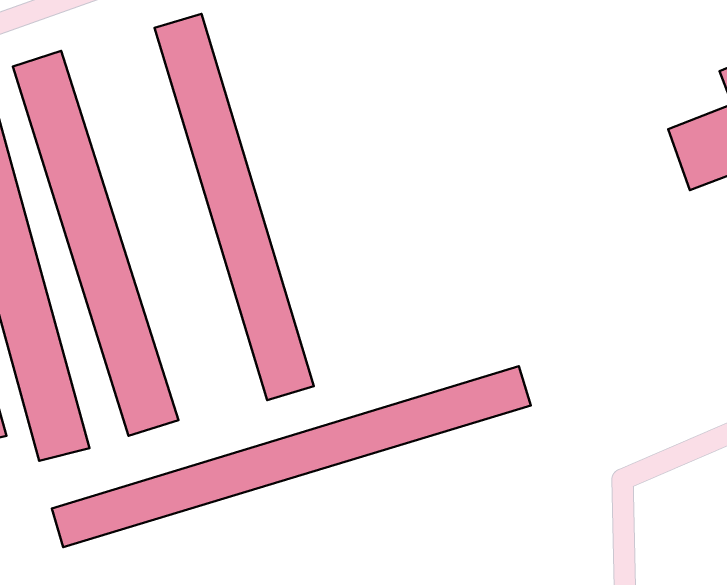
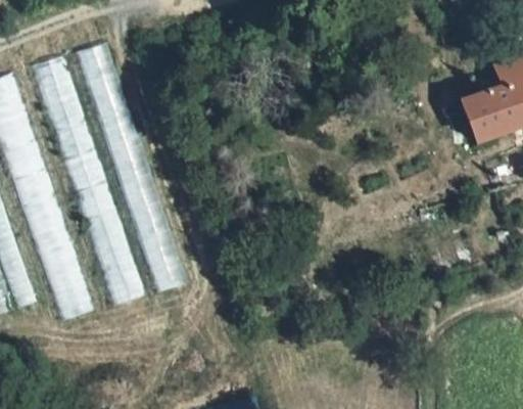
building: [154,14,314,400] -> [79,39,183,291]
building: [52,366,531,547] -> none

